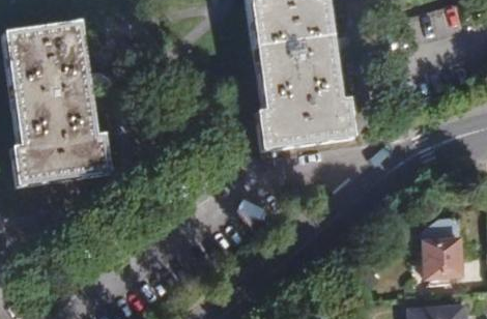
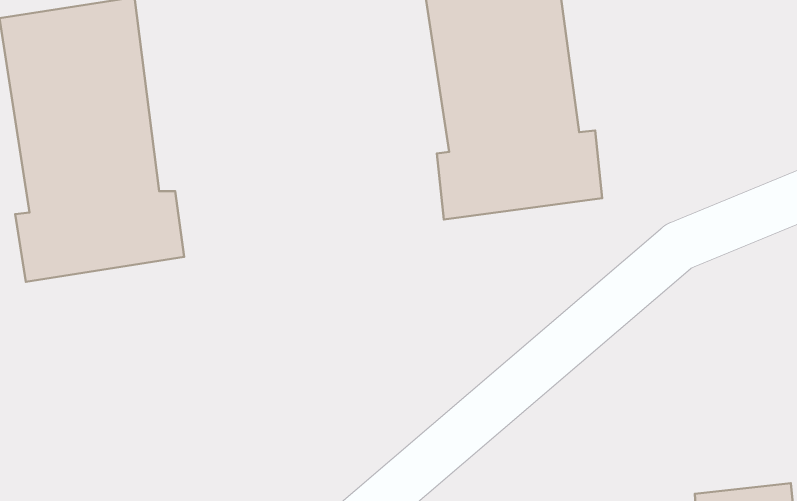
building: [422,220,462,279] -> none

